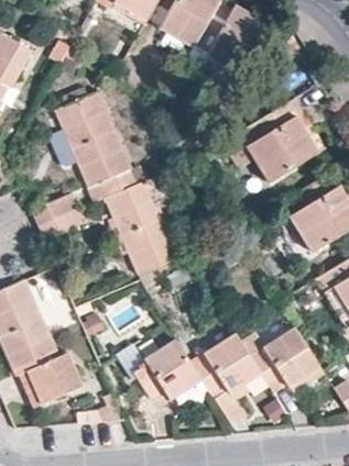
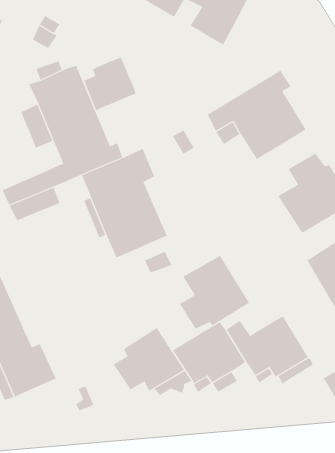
building: none -> [83,57,136,111]
building: none -> [179,255,250,330]

